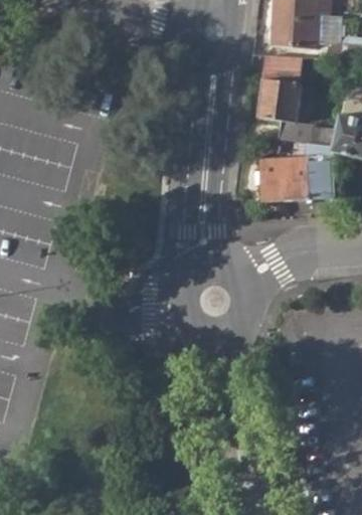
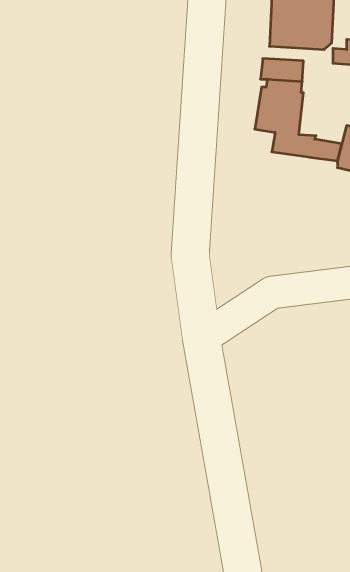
building: [258,140,336,201] -> none

